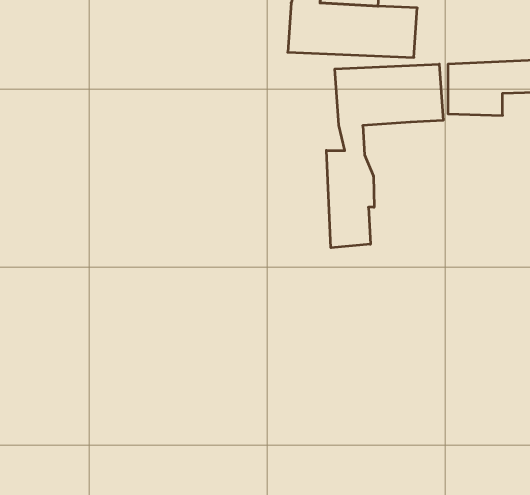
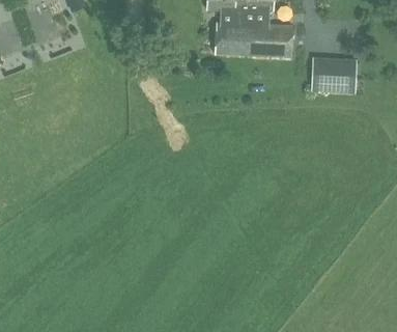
building: [326,64,443,248] -> none

